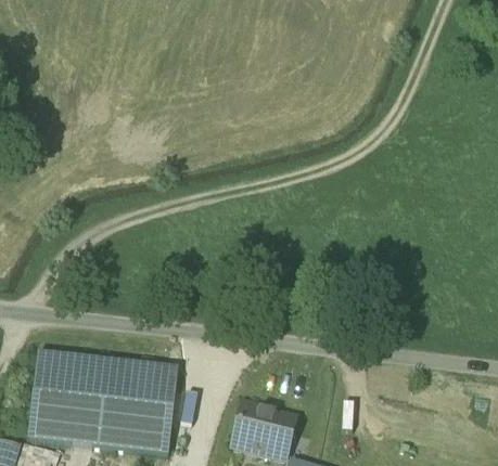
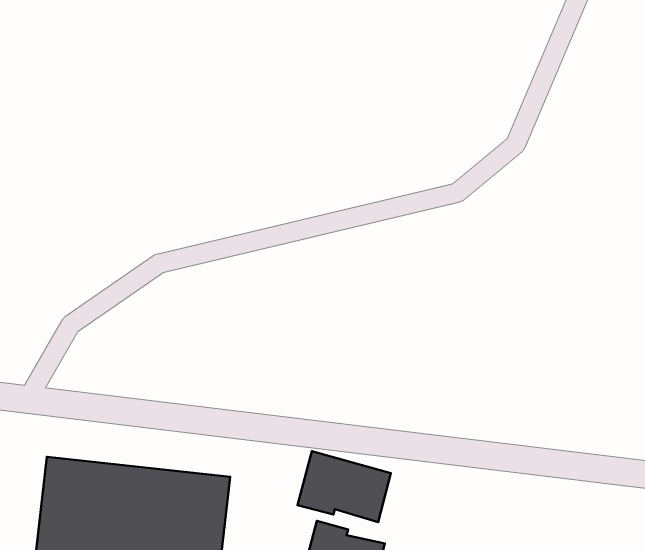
building: none -> [298,451,391,522]

